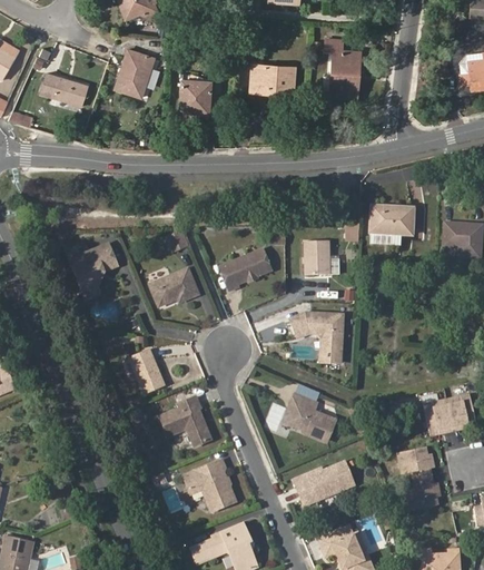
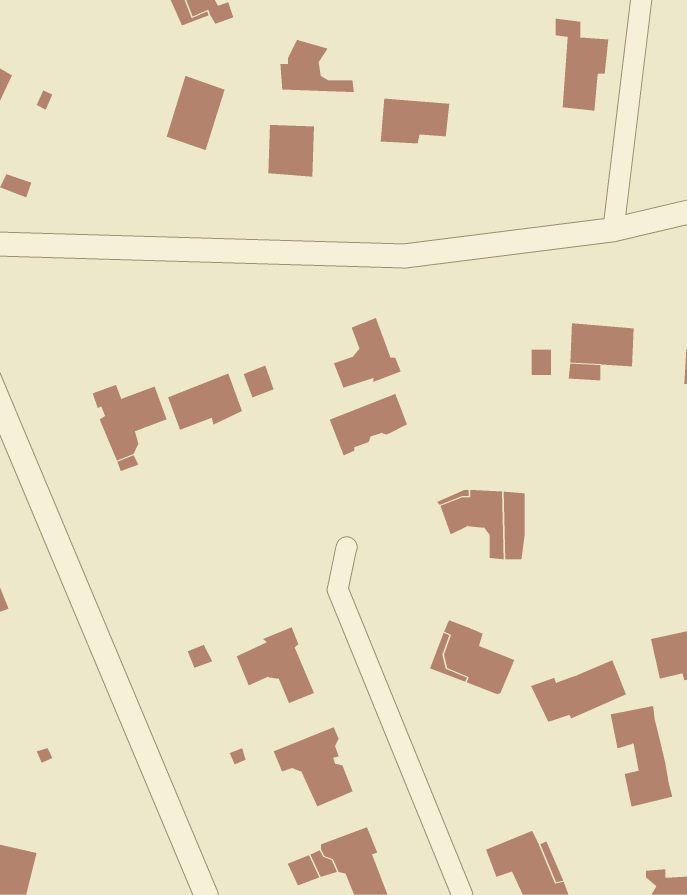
building: none -> [280,39,355,93]
building: [326,37,360,96] -> [555,18,609,111]
building: [41,72,87,105] -> none
building: none -> [333,317,401,389]
building: [303,242,329,276] -> none
building: [149,268,197,305] -> [167,373,243,431]
building: [128,347,162,393] -> none
building: [293,462,354,502] -> [530,659,627,723]

